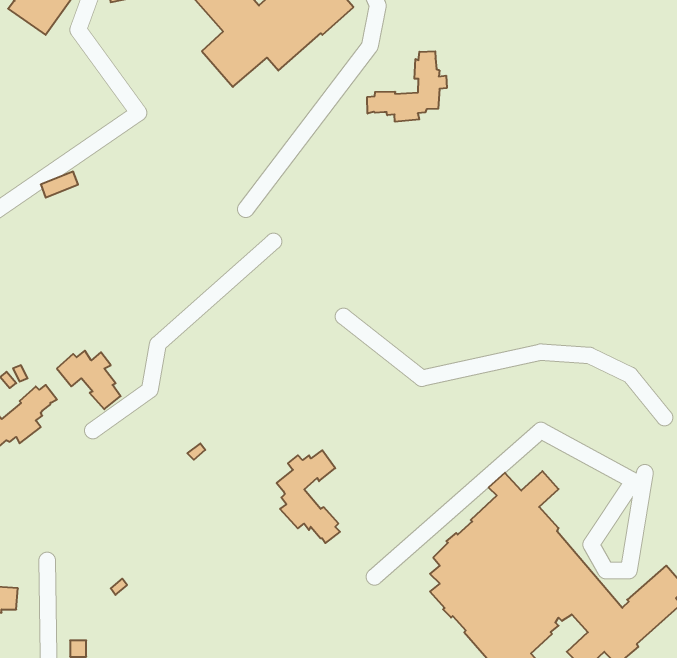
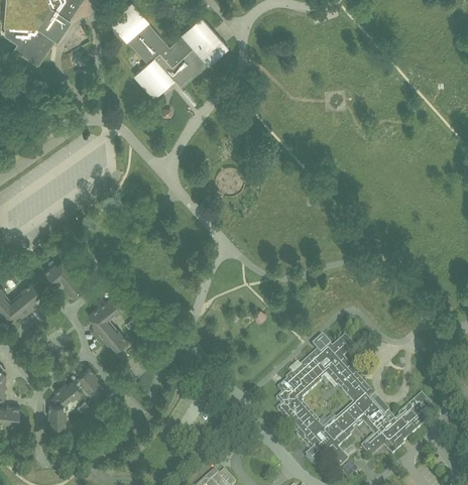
building: [367,51,447,122] -> none
building: [277,450,340,543] -> [89,295,128,353]
building: none -> [48,368,104,432]

